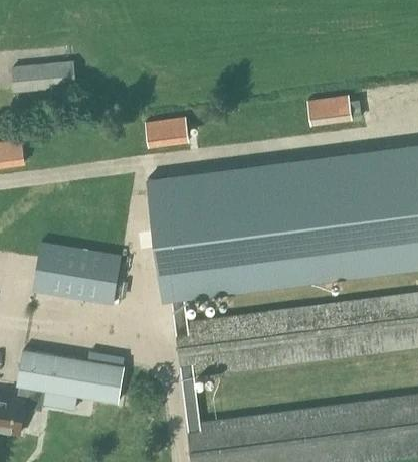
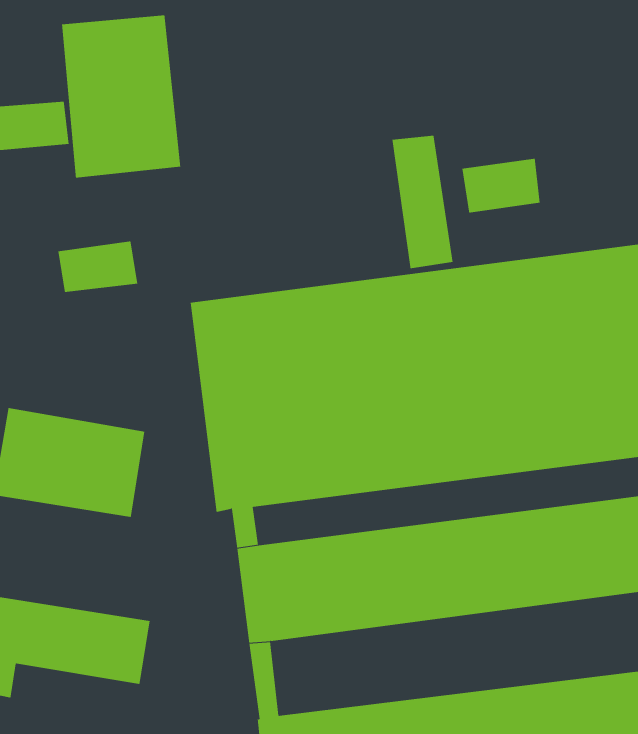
building: none -> [61,14,181,178]
building: none -> [392,135,453,269]
building: [144,119,191,149] -> [57,241,138,292]

